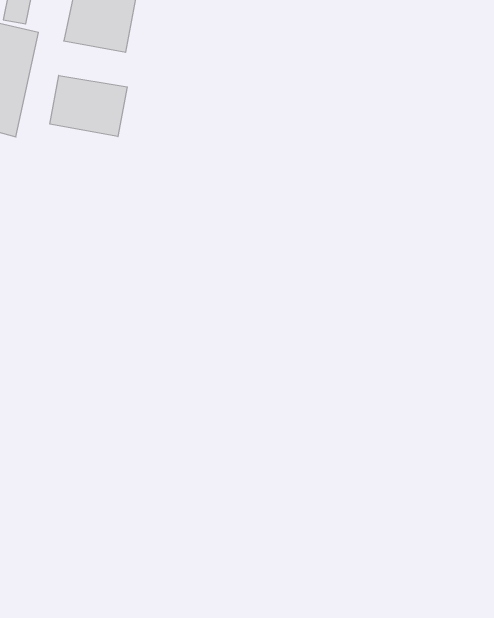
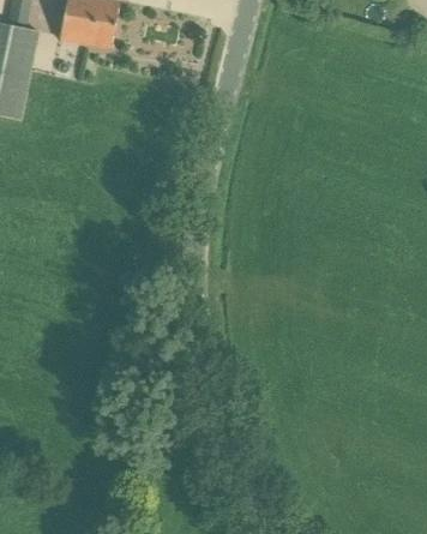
building: [50,75,127,137] -> none

